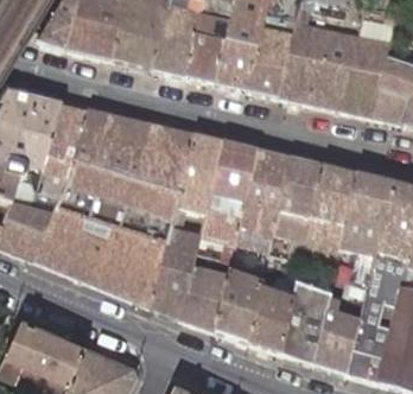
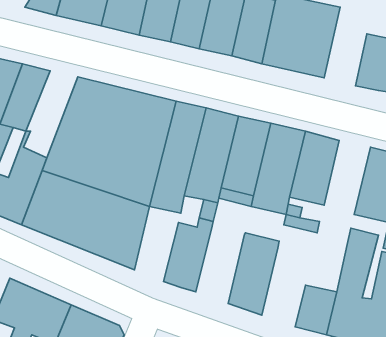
building: [344,39,393,120] -> none
building: [36,104,91,193] -> none
building: [342,176,392,282] -> none
building: [150,243,197,320] -> none
building: [212,263,262,343] -> none
building: [280,286,331,367] -> none

